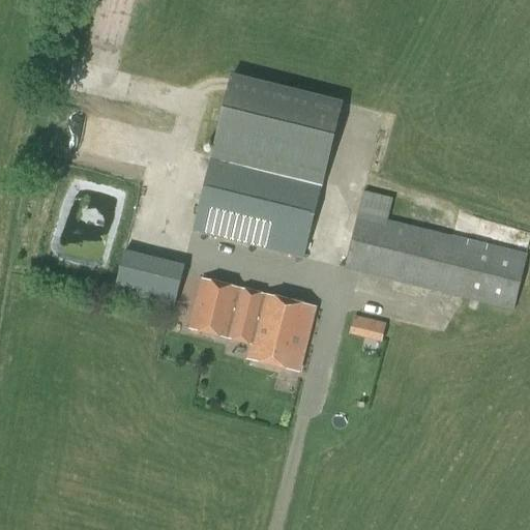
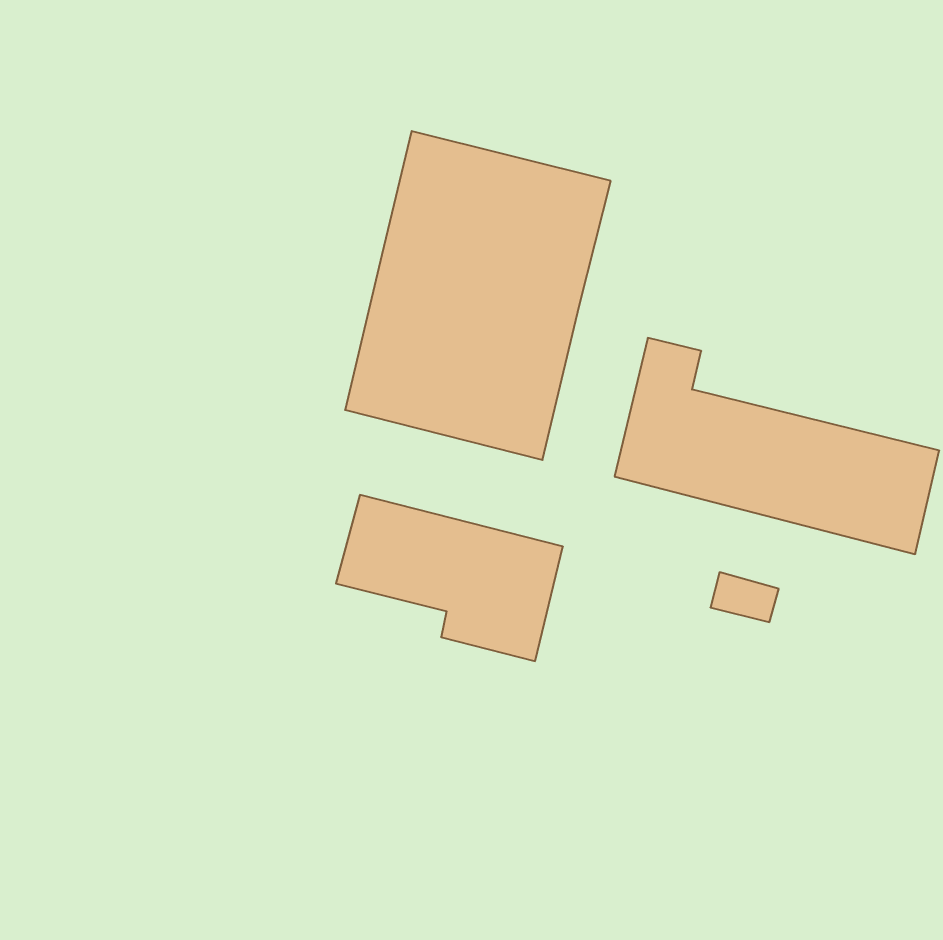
building: [111,249,184,300] -> none
building: [348,312,386,340] -> [710,572,779,622]

